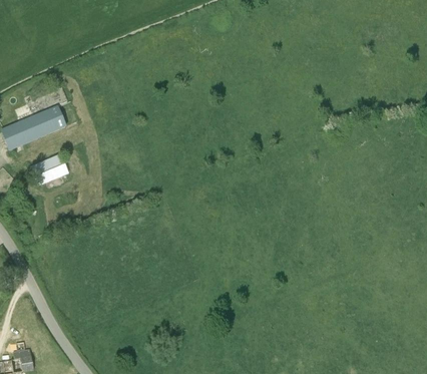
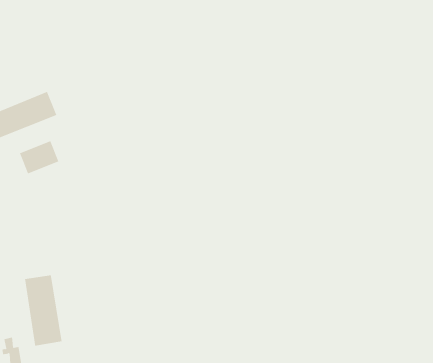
building: none -> [25,275,62,346]

